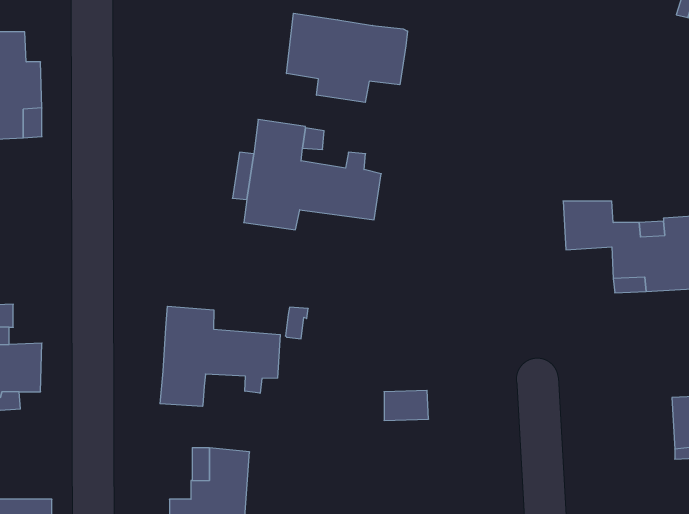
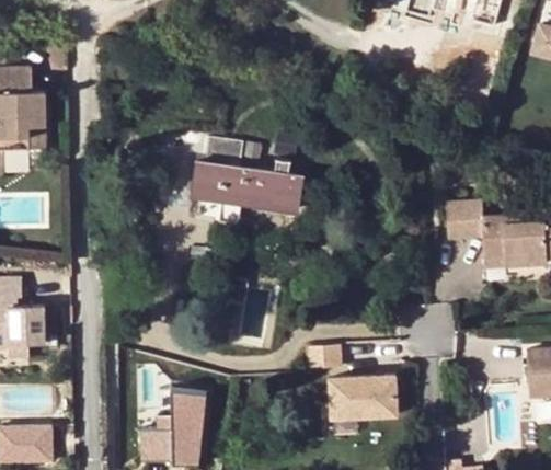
building: [287,13,408,102] -> none
building: [160,306,280,406] -> none
building: none -> [329,374,397,417]

